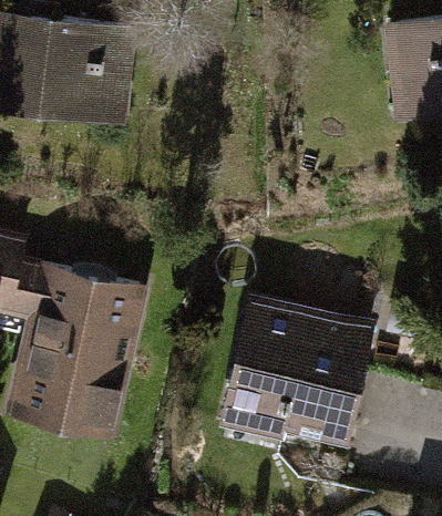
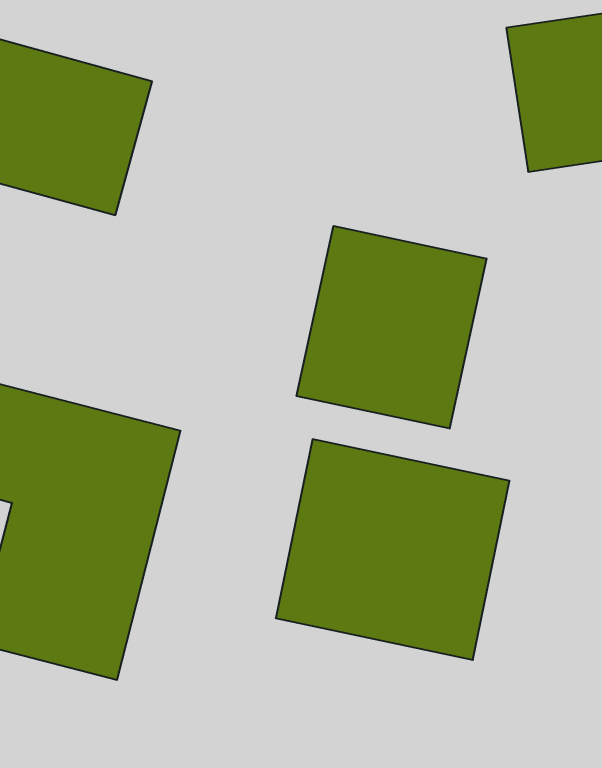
building: none -> [297,226,486,429]

